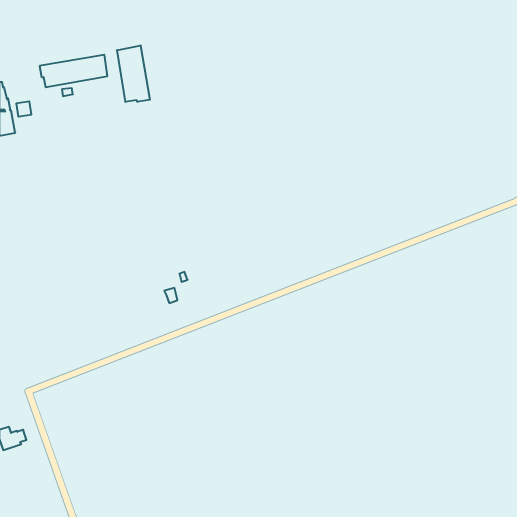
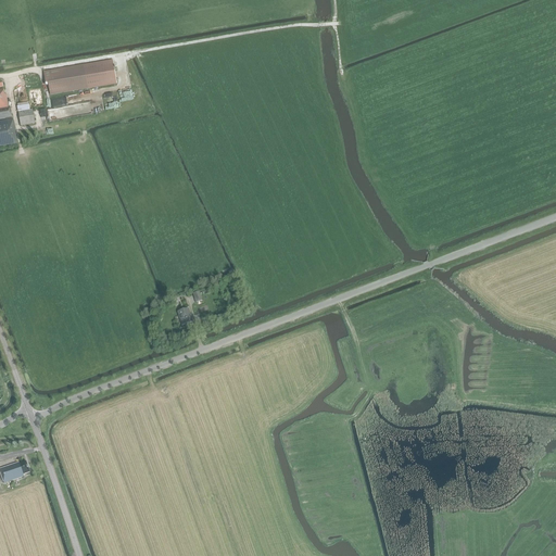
building: [117,45,150,102] -> none

